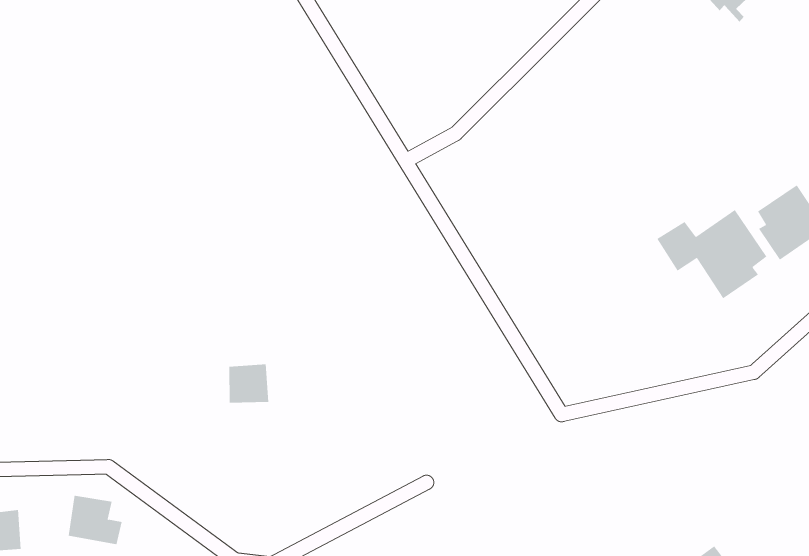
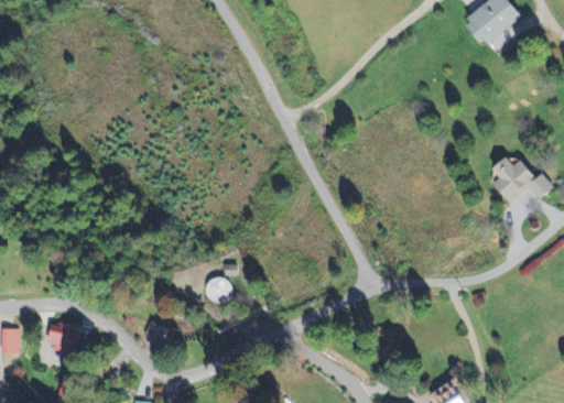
building: [657,209,767,299] -> none
building: [228,364,269,403] -> [203,279,228,303]

